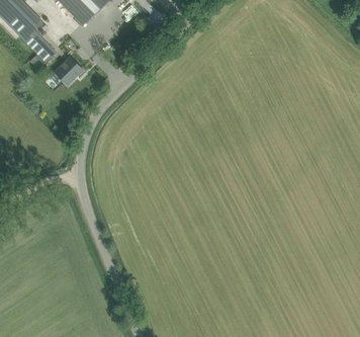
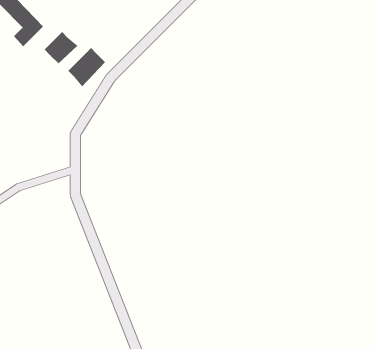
building: none -> [67,47,106,87]

